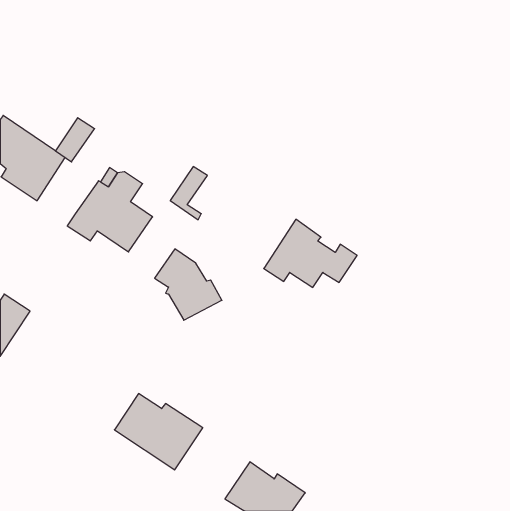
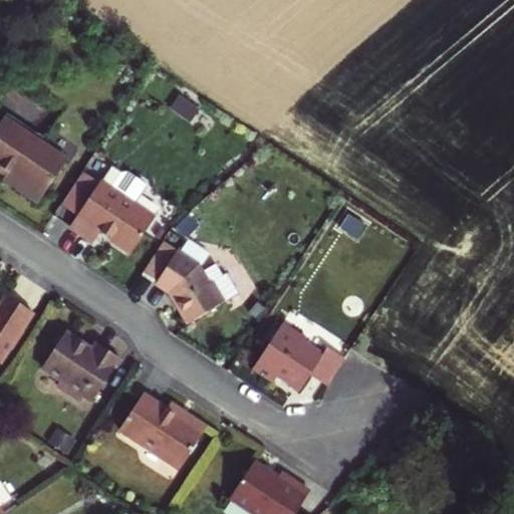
building: [55,118,95,162] -> [62,170,101,214]
building: [170,167,207,220] -> [141,240,178,293]
building: [264,219,357,287] -> [250,320,343,389]
building: none -> [41,332,119,402]

